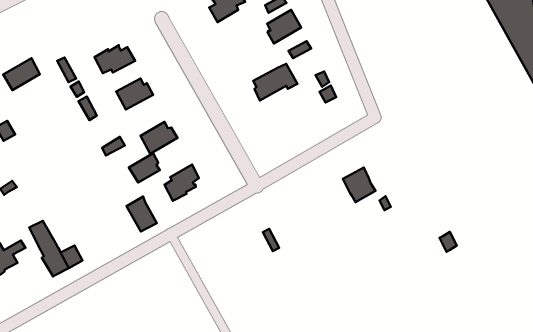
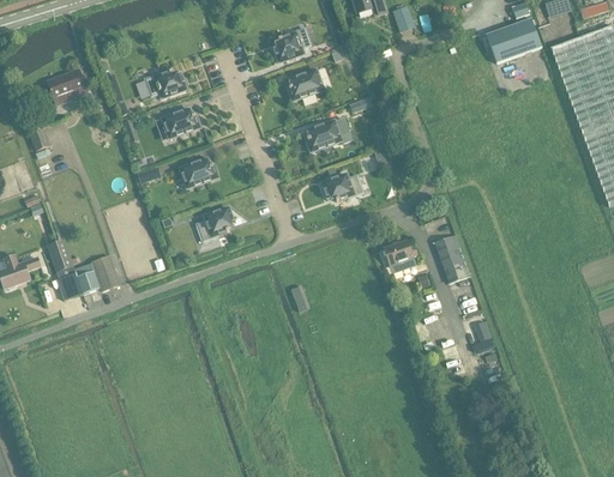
building: [267,10,301,44] -> [288,67,324,99]
building: none -> [321,171,363,199]
building: [129,153,160,183] -> none
building: none -> [434,234,470,282]
building: [126,197,157,231] -> [91,253,120,289]

